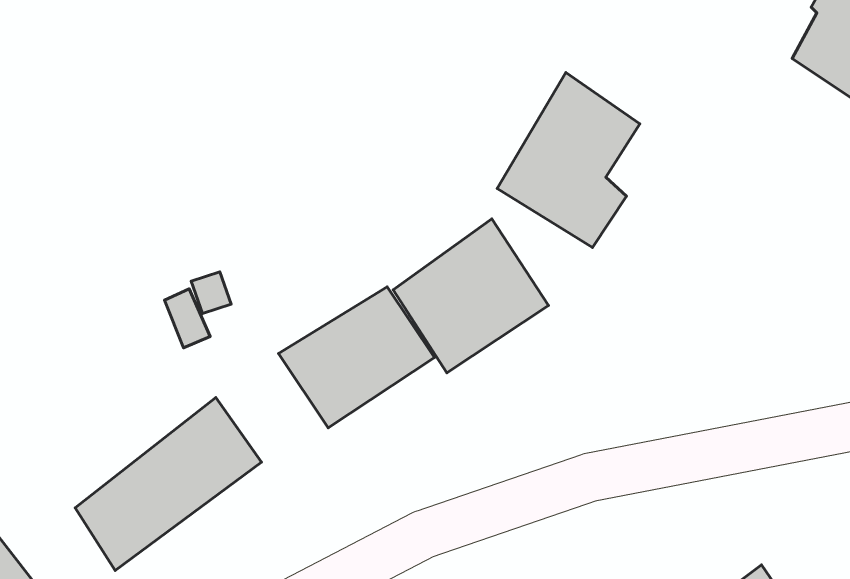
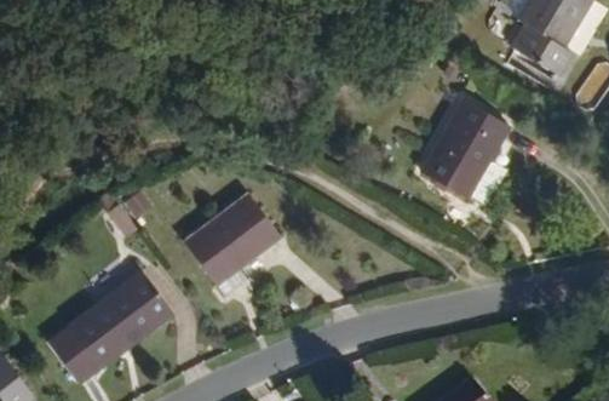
building: [497,73,640,248] -> [416,99,507,211]
building: [393,219,549,373] -> none

